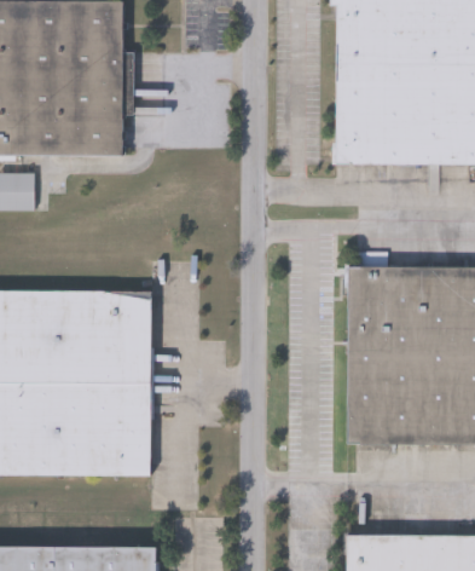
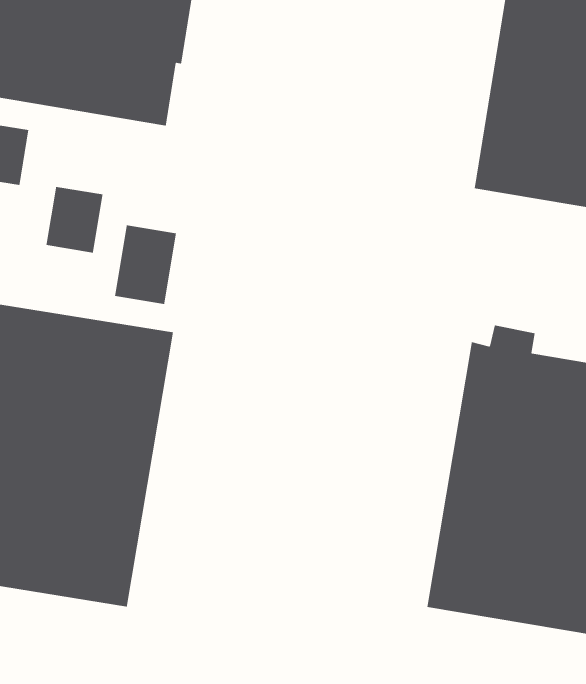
building: none -> [46,186,103,254]
building: none -> [114,225,177,305]

